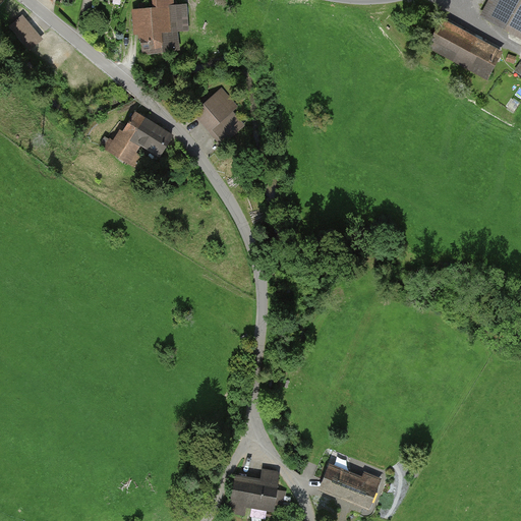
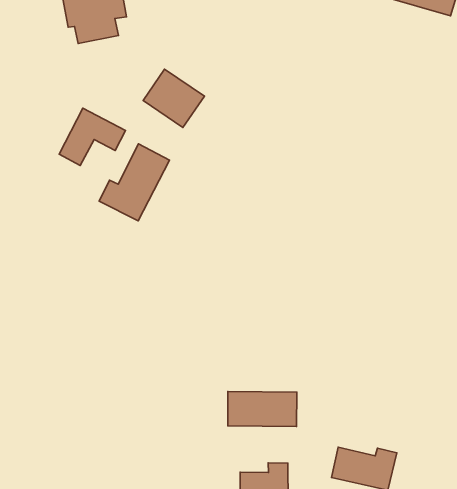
building: none -> [99,144,170,221]
building: none -> [228,392,297,427]

